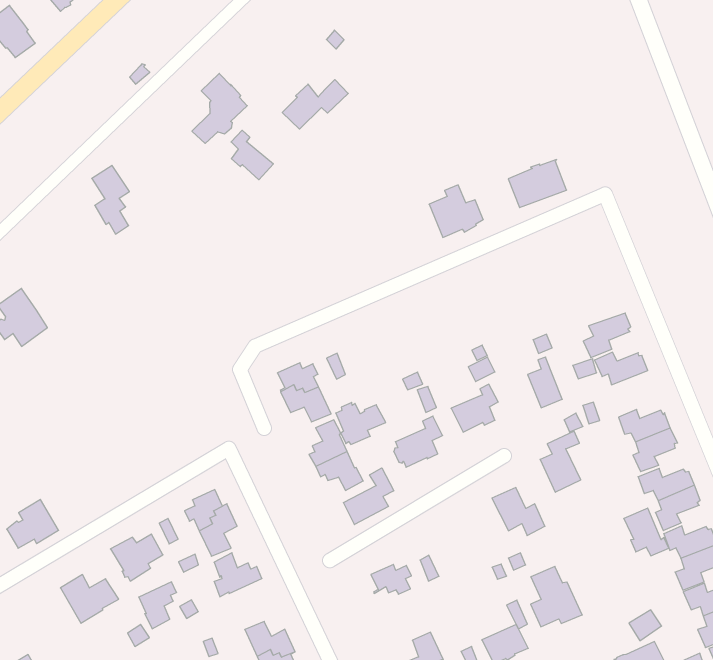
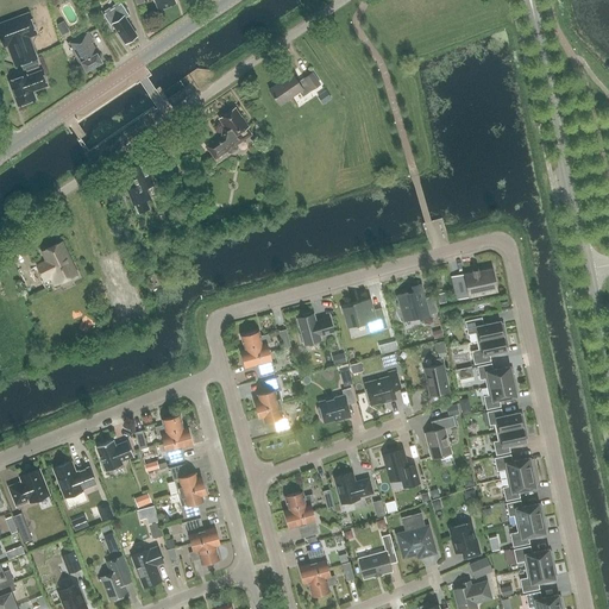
building: [282,80,348,129] -> [269,73,320,105]
building: [231,130,273,180] -> none
building: [508,160,567,208] -> [453,268,495,299]
building: [429,185,483,237] -> [397,284,435,321]
building: none -> [464,316,504,340]
building: none -> [343,299,387,333]
building: none -> [483,381,516,409]
building: [336,402,386,444] -> [297,313,333,344]
building: [343,468,394,525] -> none
building: [7,499,59,548] -> [10,470,48,503]
building: [624,508,669,556] -> [450,522,479,558]
building: none -> [334,473,372,504]
building: [139,582,177,629] -> [177,486,206,519]
building: none -> [284,508,318,538]

